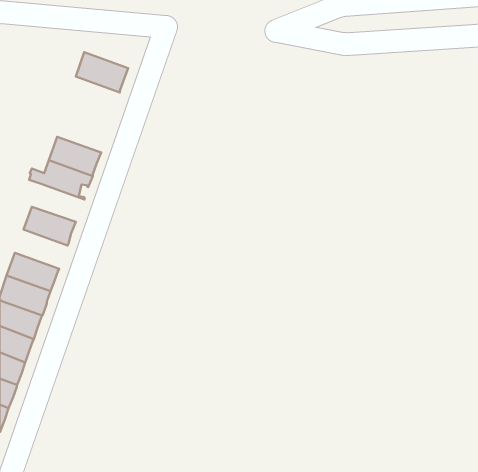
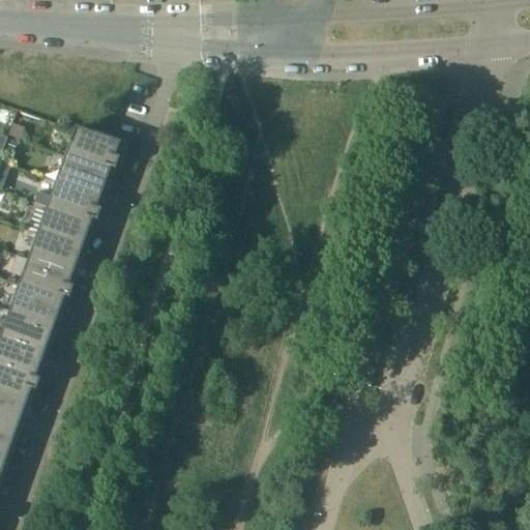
building: [76,52,128,93] -> [63,124,121,169]
building: none -> [35,203,93,245]
building: none -> [17,254,75,297]

